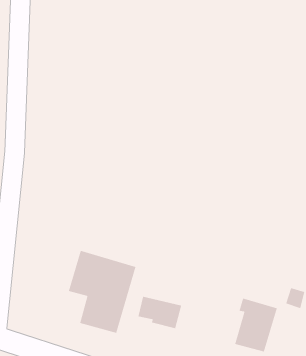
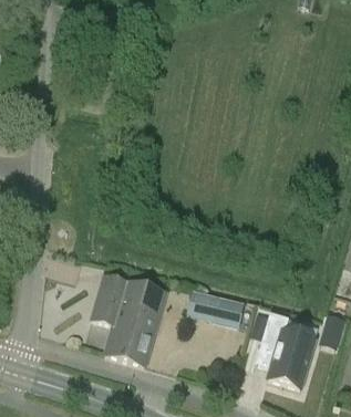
building: [137,296,182,329] -> [197,290,245,325]

